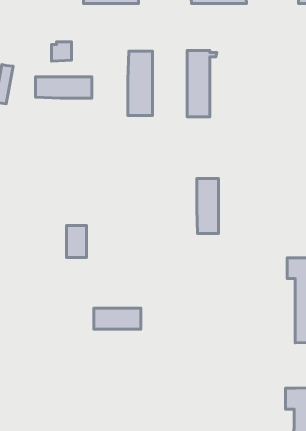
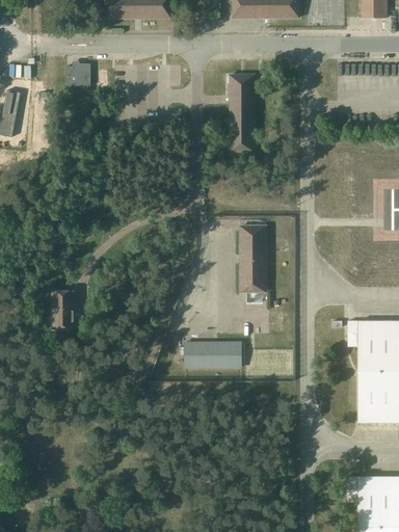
building: [128,51,153,115] -> none
building: [36,77,92,98] -> none
building: [66,225,87,258] -> [52,291,76,329]
building: [94,308,141,329] -> [185,343,241,368]

